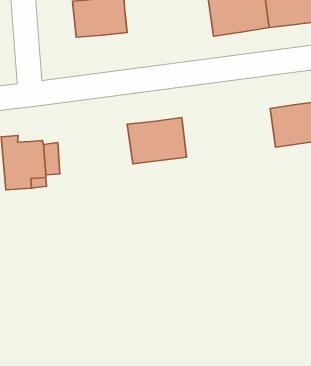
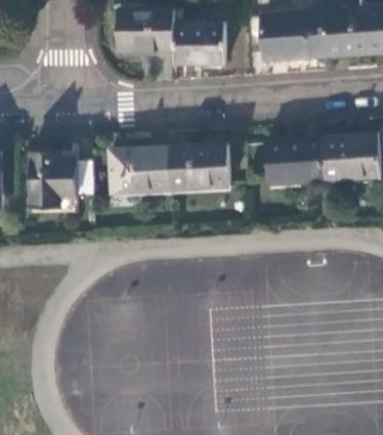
building: none -> [173,21,226,61]
building: none -> [263,140,325,186]
building: none -> [109,146,170,191]

